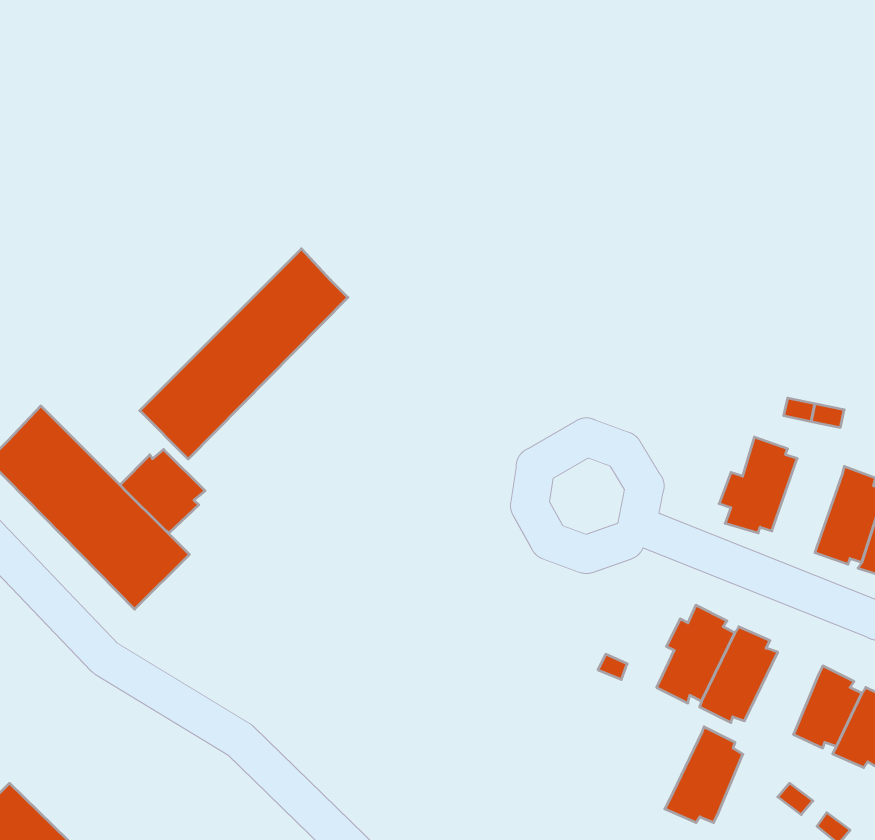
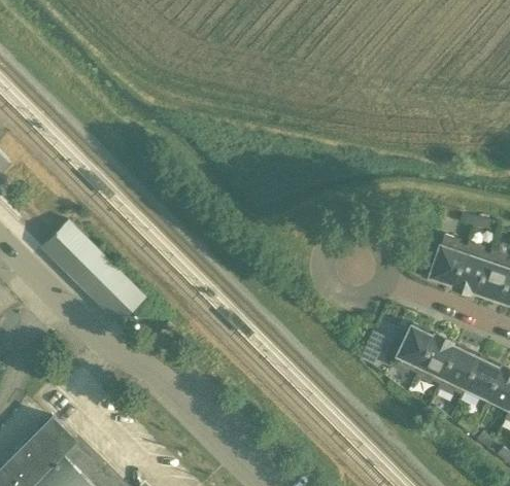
building: [140,249,348,459] -> none
building: [121,449,205,533] -> none
building: none -> [452,242,490,292]
building: [665,727,743,823] -> [437,344,478,394]

